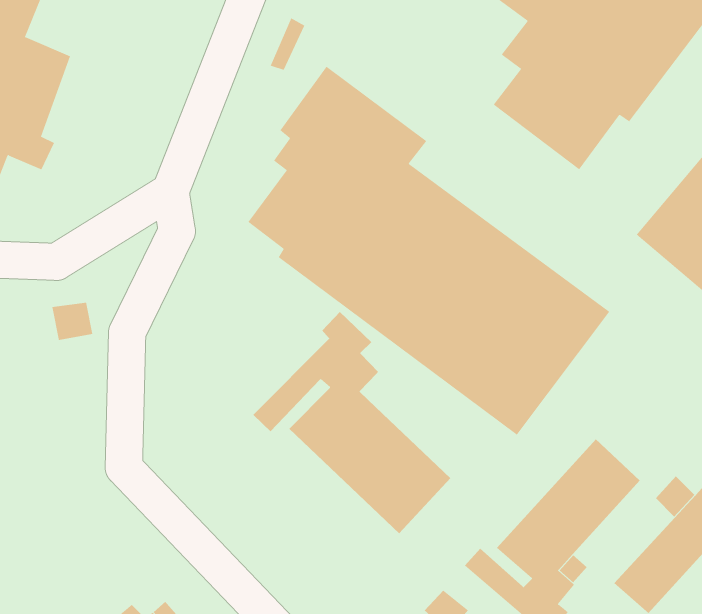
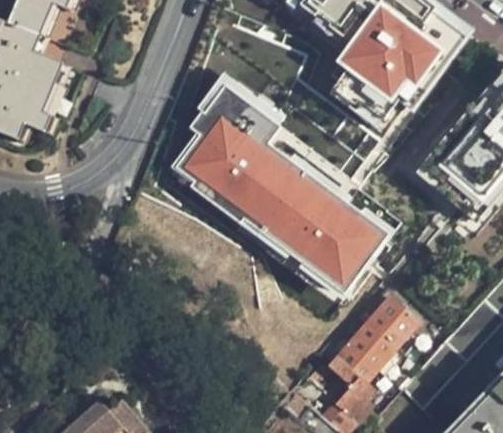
building: [253,311,451,534] -> none

